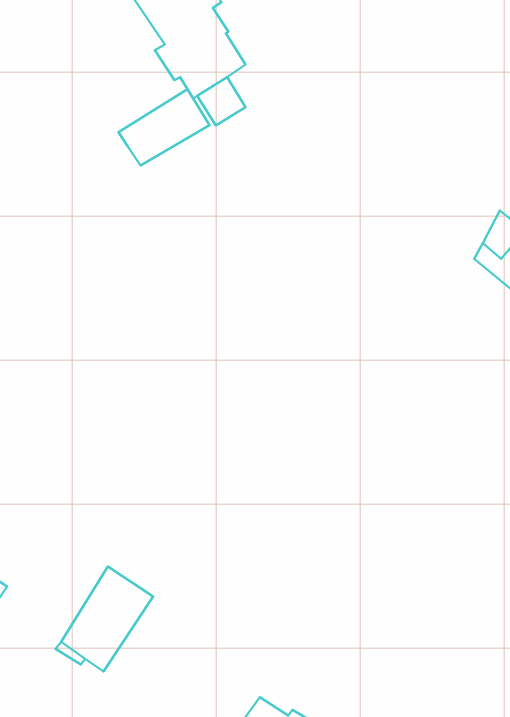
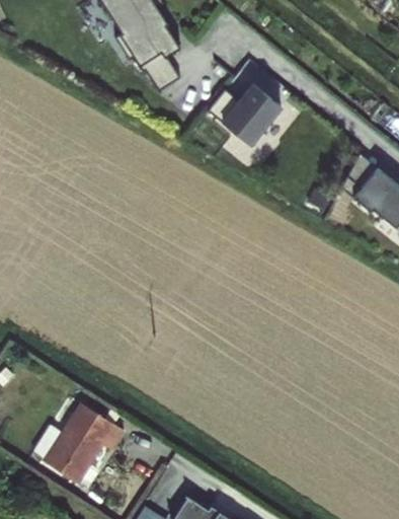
building: [118,89,209,166] -> none
building: none -> [209,83,282,146]

